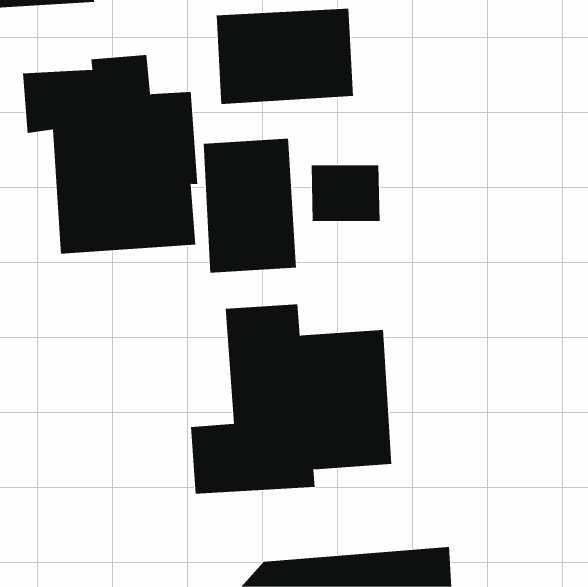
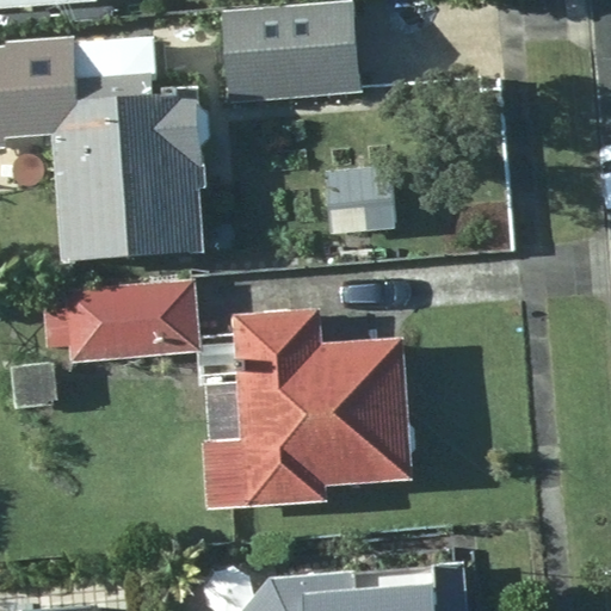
building: [203,138,297,273] -> none
building: none -> [58,277,195,357]

